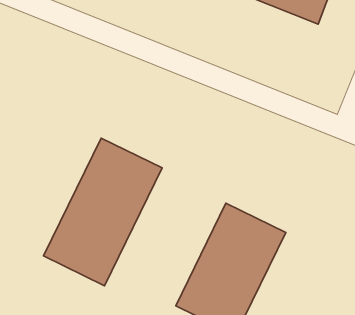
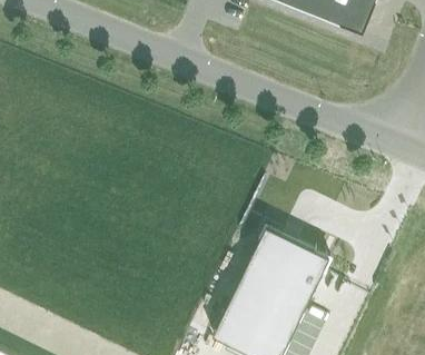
building: [43,138,162,286] -> none

